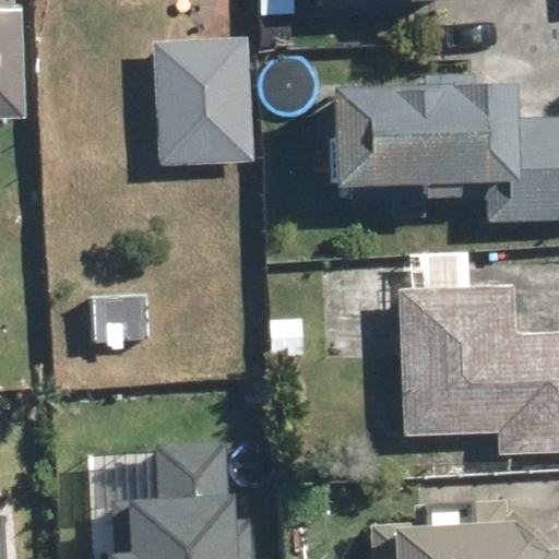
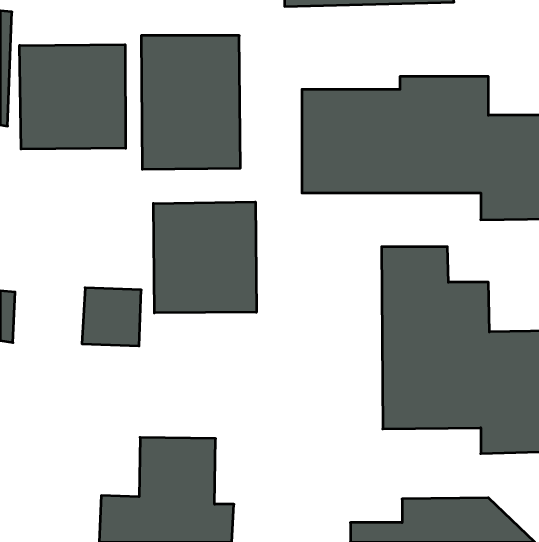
building: none -> [20,45,126,149]
building: none -> [153,202,256,313]

